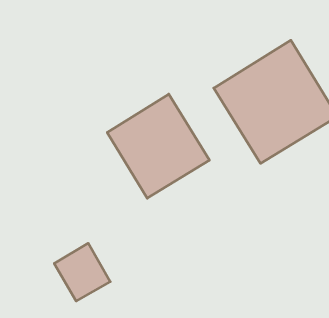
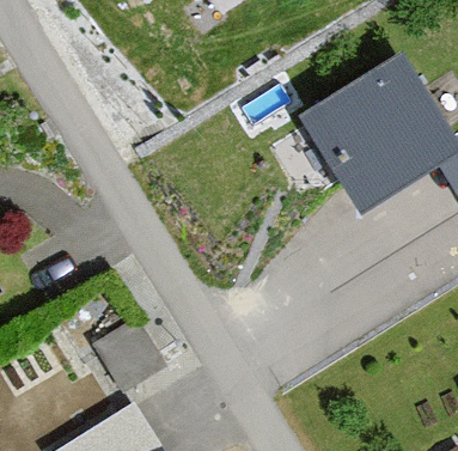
building: [107,94,209,198] -> none

